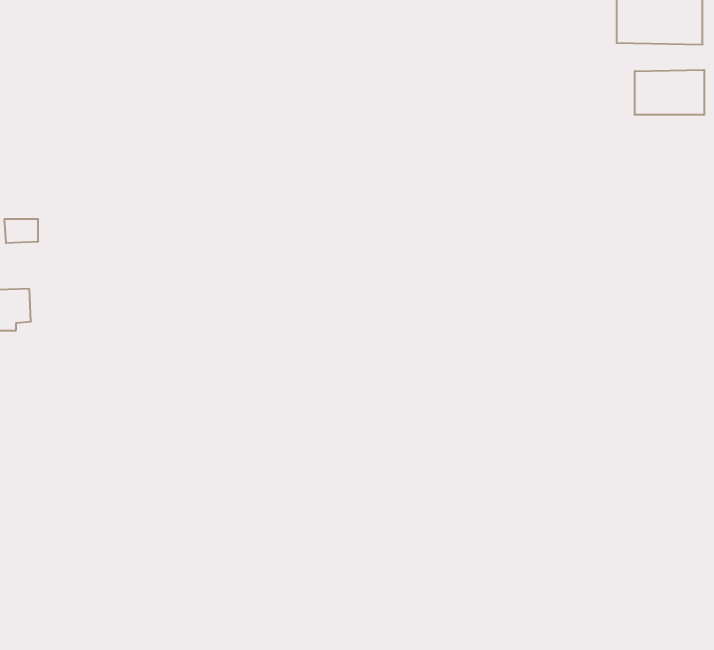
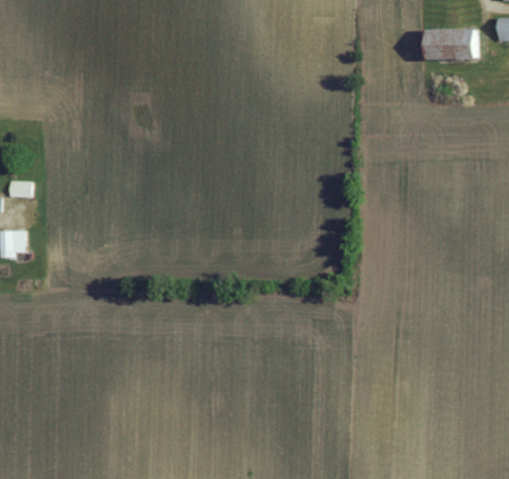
building: [635,70,704,115] -> none

